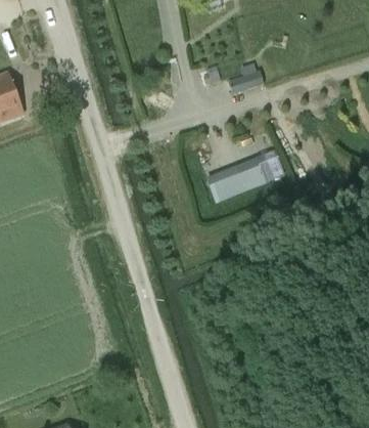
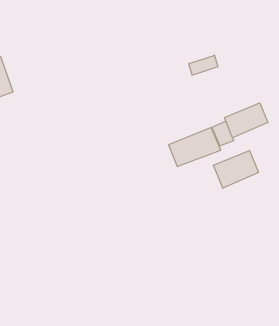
building: none -> [225,103,268,138]
building: none -> [214,150,259,188]

